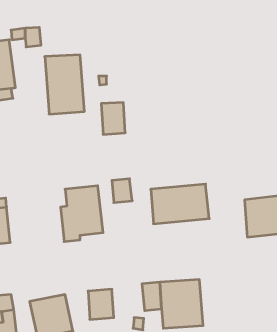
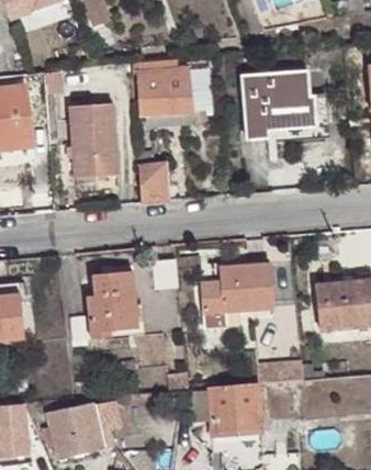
building: none -> [137,69,191,116]
building: none -> [241,69,311,138]
building: none -> [257,359,301,384]

